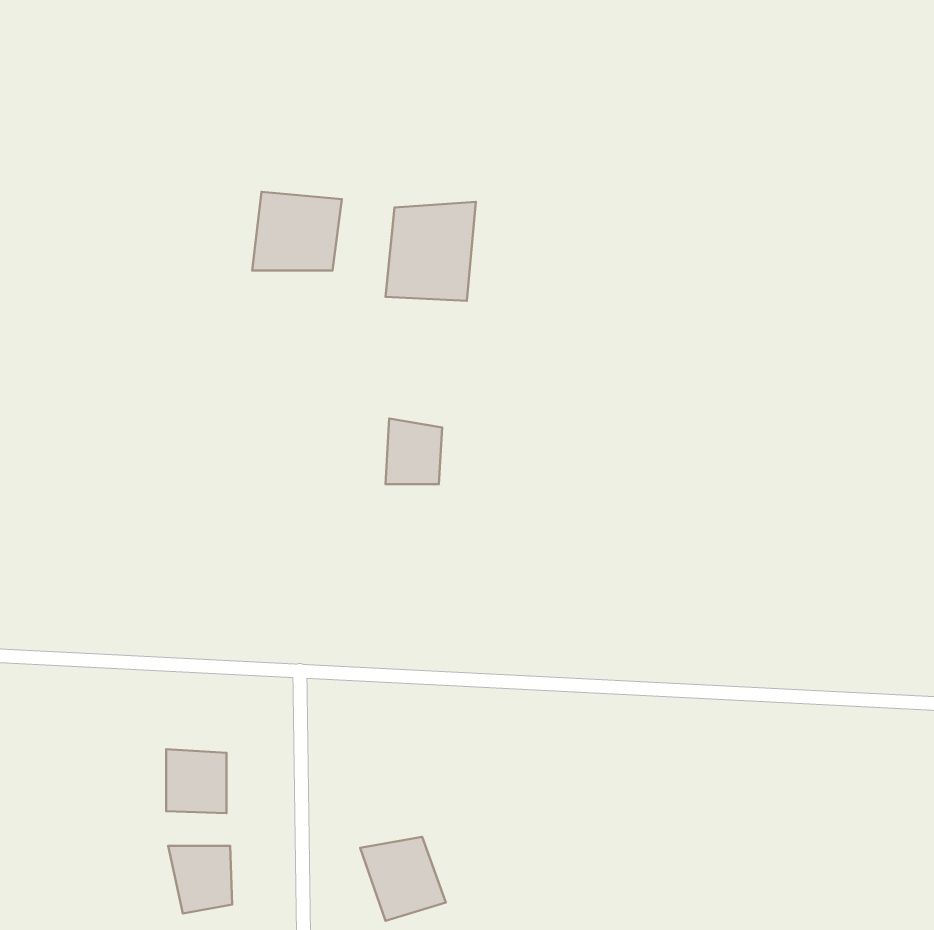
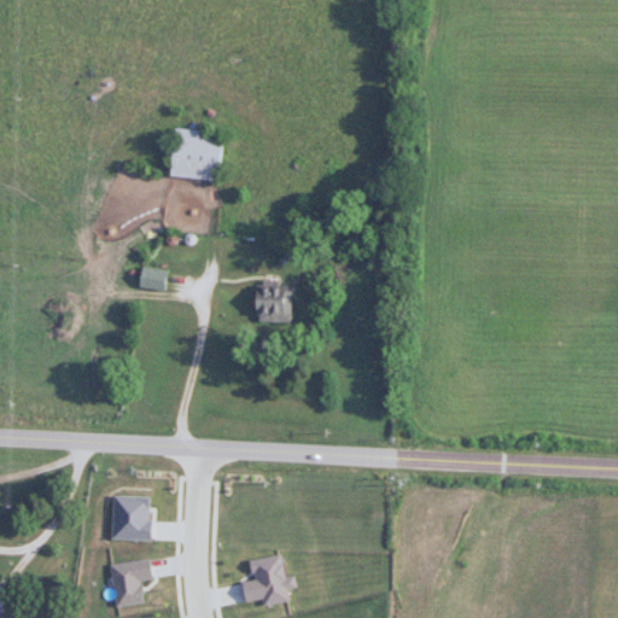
building: [386,202,476,301] -> none
building: none -> [138,266,167,292]

